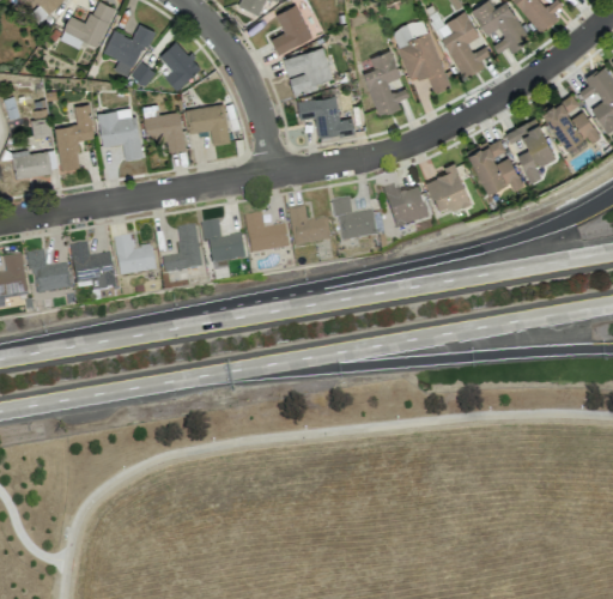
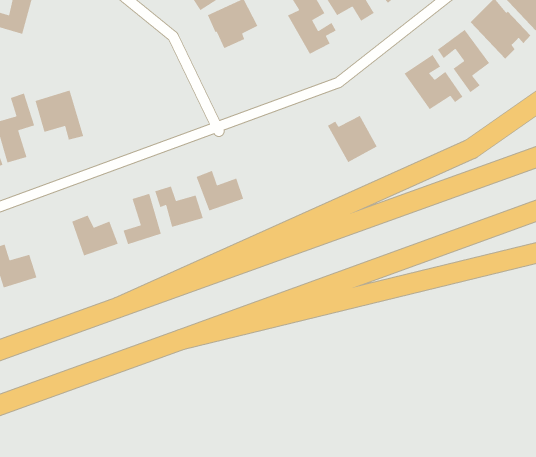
building: [104,25,152,78] -> none
building: [159,41,201,91] -> none
building: [297,97,354,139] -> none
building: [187,103,231,146] -> none
building: [144,113,186,152] -> none
building: [426,163,472,216] -> none
building: [335,198,377,242] -> none
building: [289,206,332,247] -> none
building: [69,243,117,292] -> none

